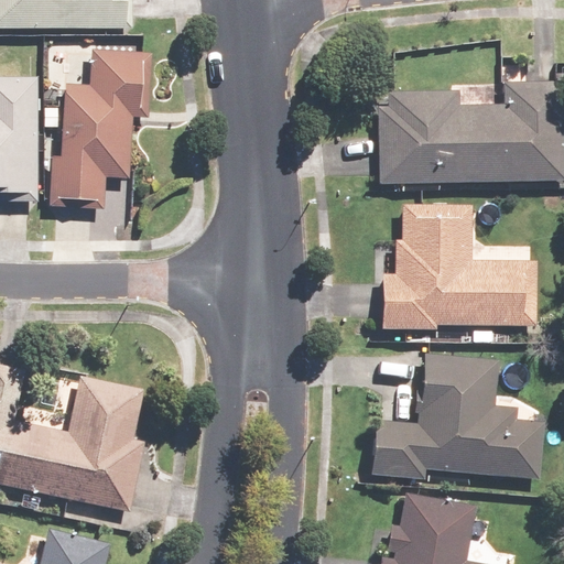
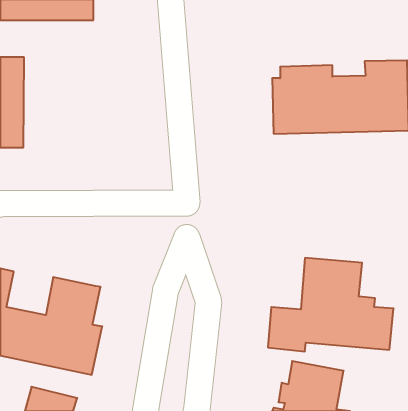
building: [48,47,151,208] -> none
building: [380,205,538,330] -> none

